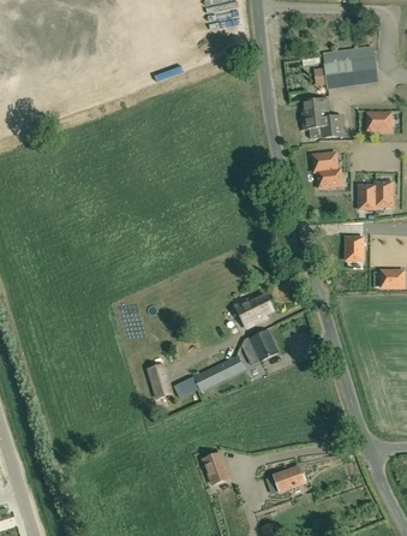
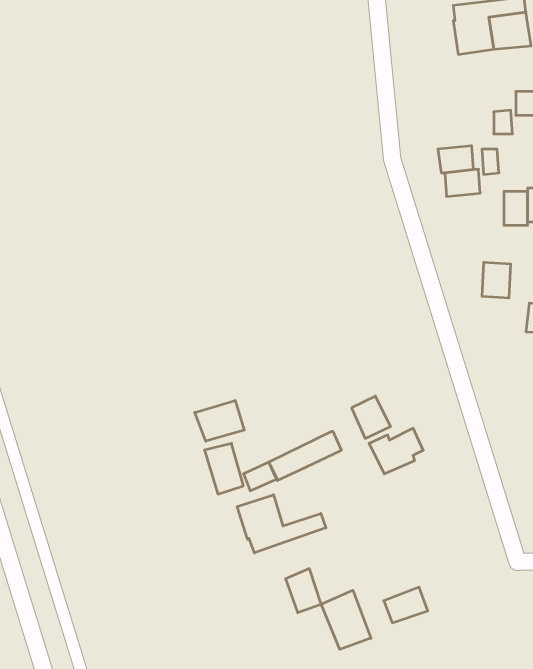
building: [303,99,331,138] -> none
building: [235,296,274,328] -> [369,428,423,474]
building: none -> [195,400,244,441]
building: none -> [237,495,326,553]
building: none -> [321,590,371,649]

